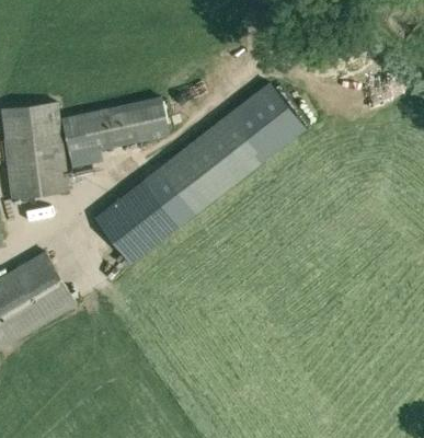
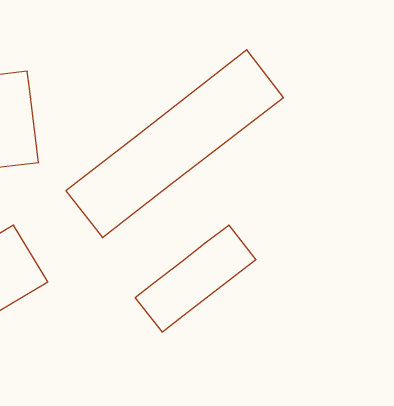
building: [62,99,168,168] -> none
building: none -> [135,225,256,332]

